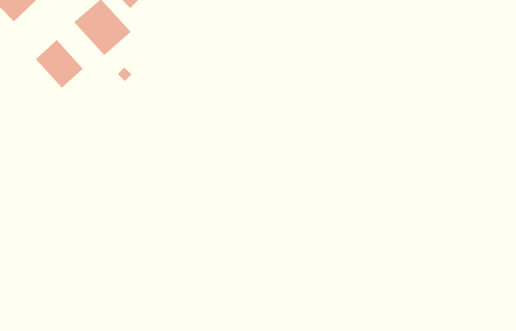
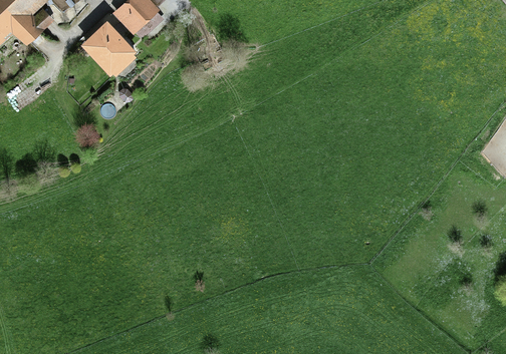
building: [35,39,83,89] -> none

